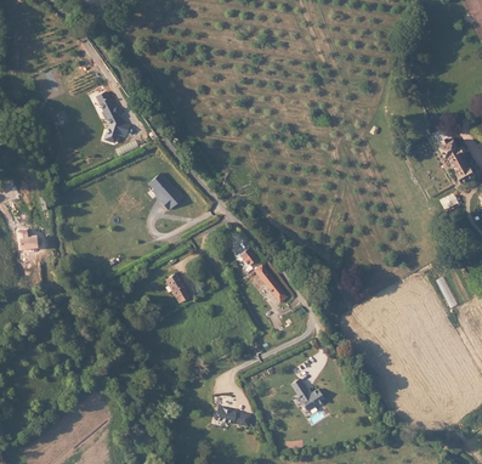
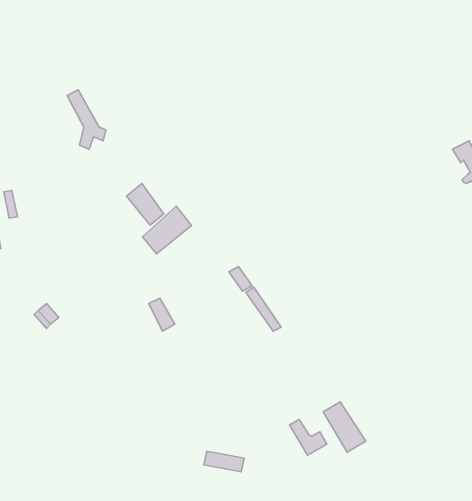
building: none -> [142,206,192,254]
building: none -> [323,402,366,452]

